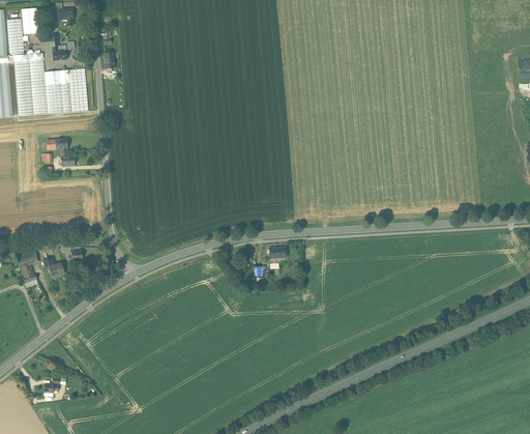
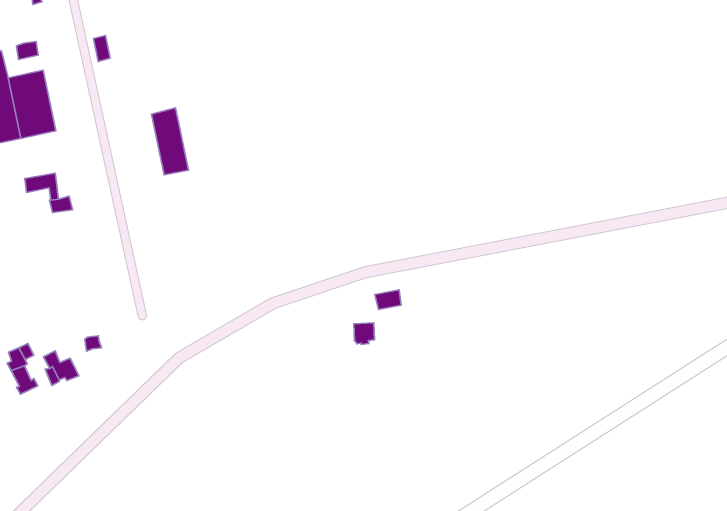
building: [67,67,87,111] -> [152,108,188,175]

